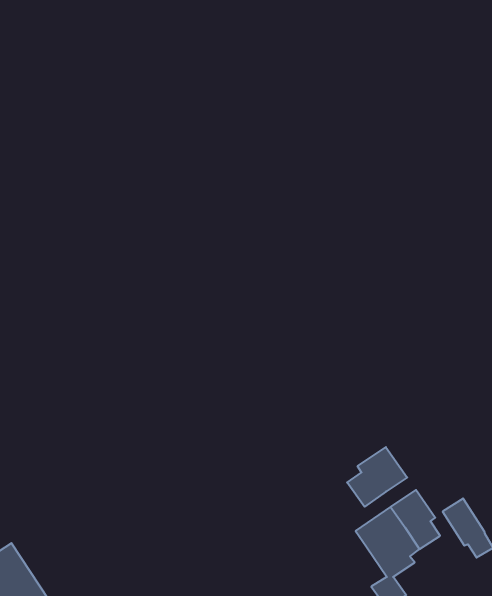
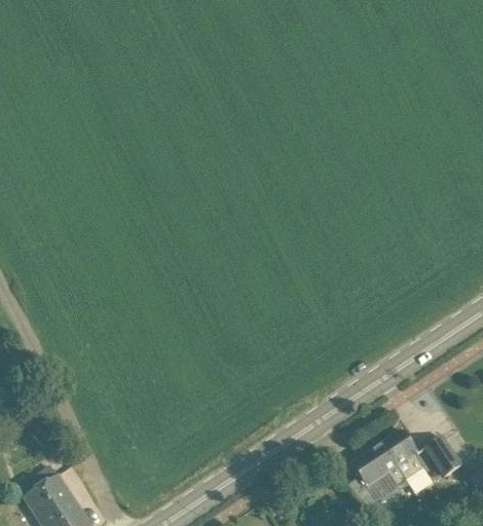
building: [347,447,407,507] -> none

